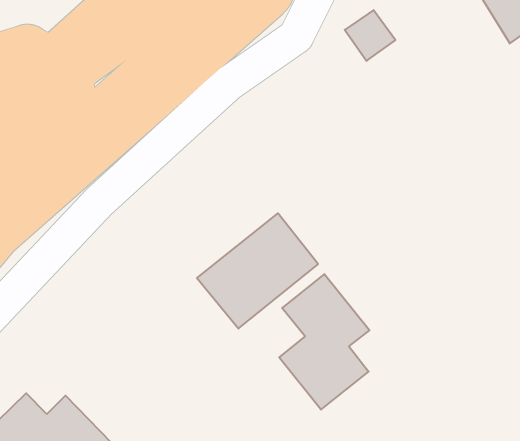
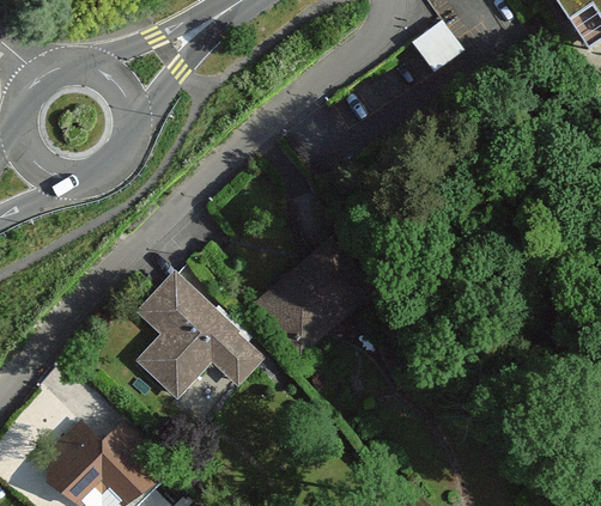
building: none -> [135,273,267,400]
building: [279,274,369,410] -> none

